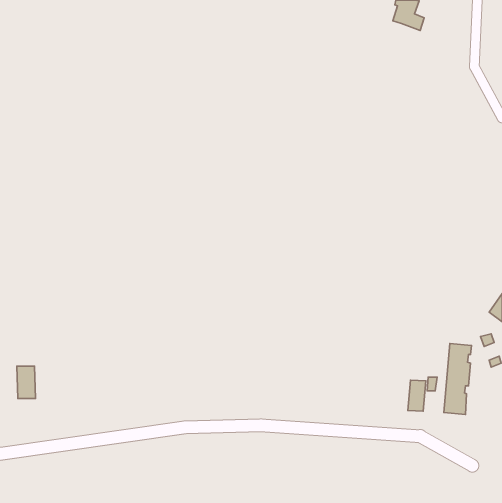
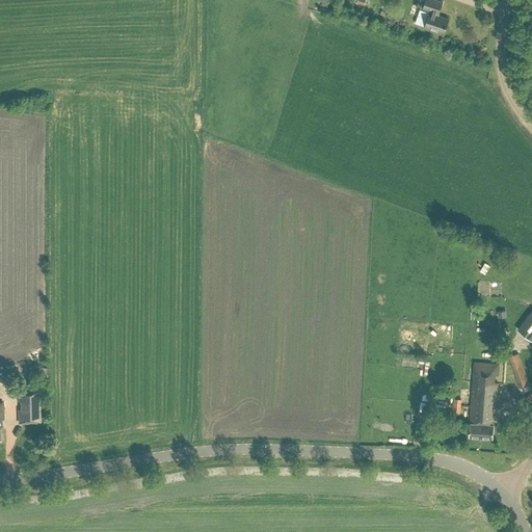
building: [408,380,426,411] -> none

